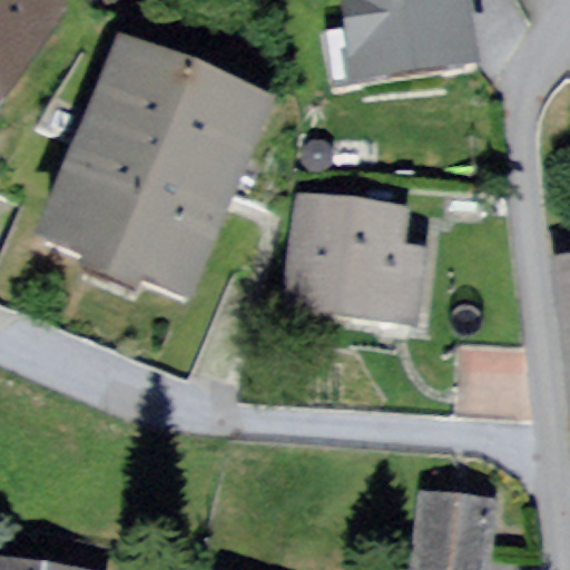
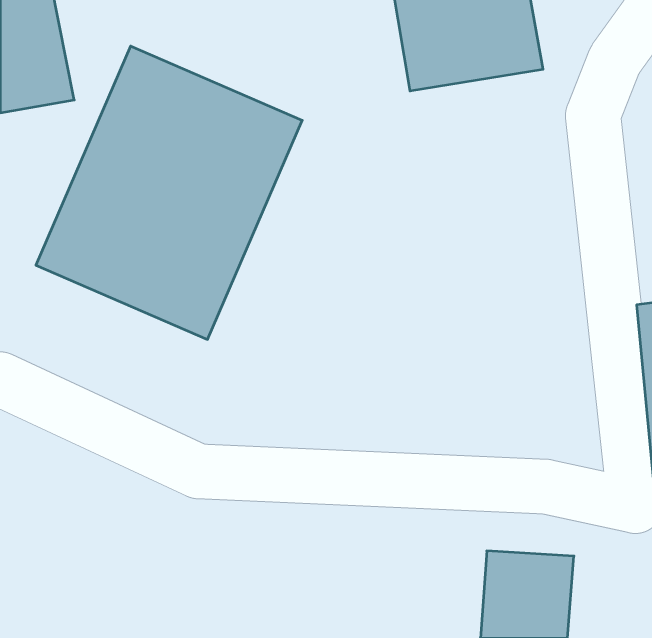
building: [286,195,430,325] -> none

